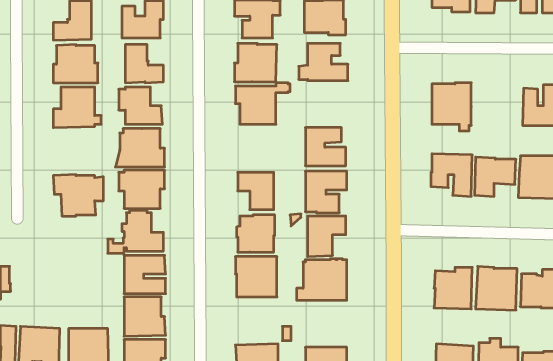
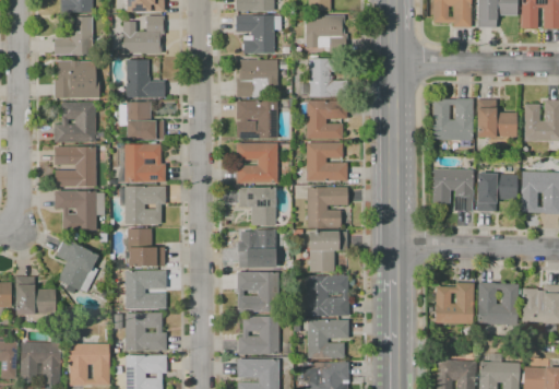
building: none -> [293,98,347,139]
building: none -> [476,99,518,138]
building: none -> [236,143,278,184]
building: none -> [55,146,96,187]
building: none -> [56,237,99,293]
building: none -> [15,276,56,315]
building: none -> [238,316,280,355]
building: none -> [308,320,348,358]

